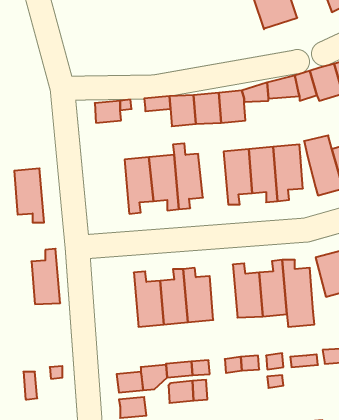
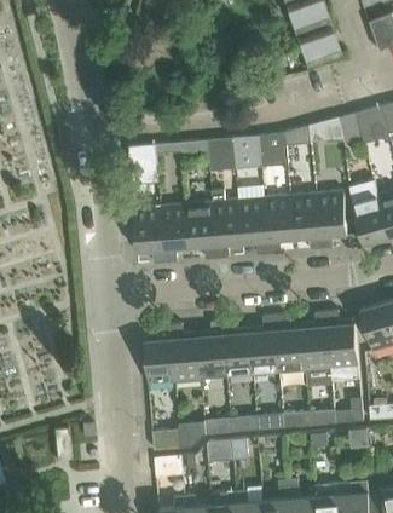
building: none -> [238,198,270,255]
building: [14,168,44,223] -> [134,207,166,264]
building: [31,249,60,304] -> [145,325,175,384]
building: none -> [250,317,279,375]

